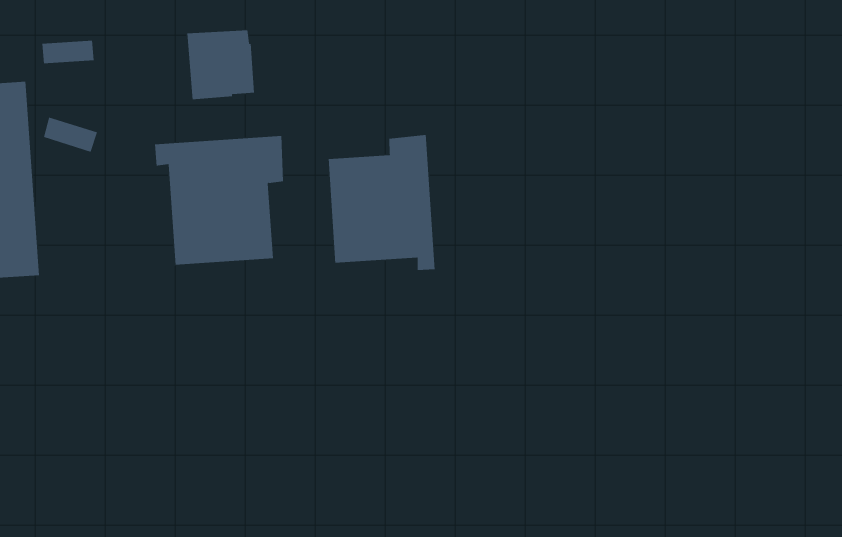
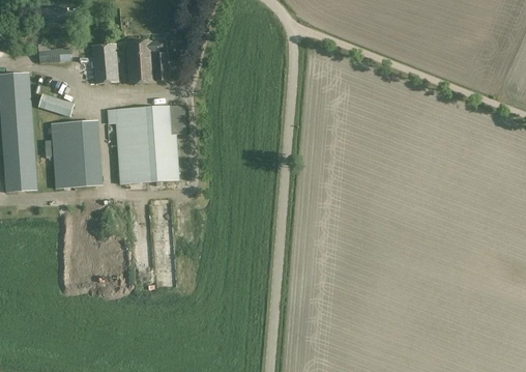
building: none -> [92,36,118,83]
building: [328,134,435,271] -> none
building: none -> [50,119,103,189]

